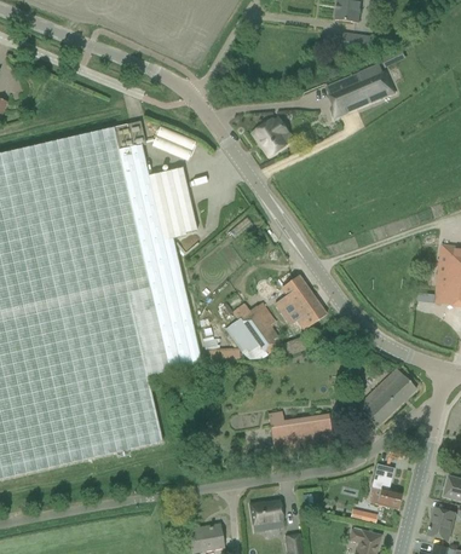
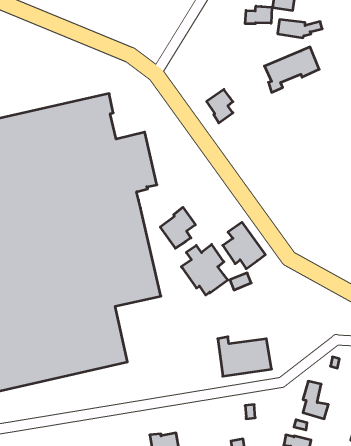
building: none -> [245,6,272,24]
building: none -> [160,207,195,248]
building: [357,368,415,426] -> none
building: [249,500,282,531] -> none

